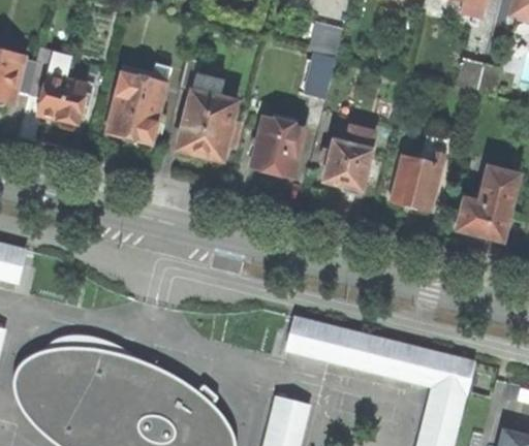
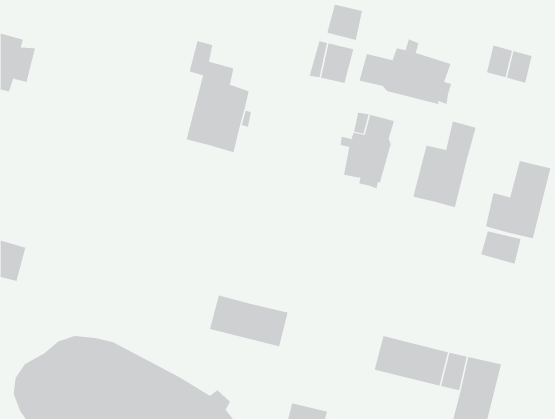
building: [27,46,90,126] -> none
building: none -> [359,39,452,105]
building: [105,72,165,144] -> none
building: [249,116,305,179] -> none
building: none -> [481,230,521,265]
building: [286,317,361,365] -> [209,295,289,347]

